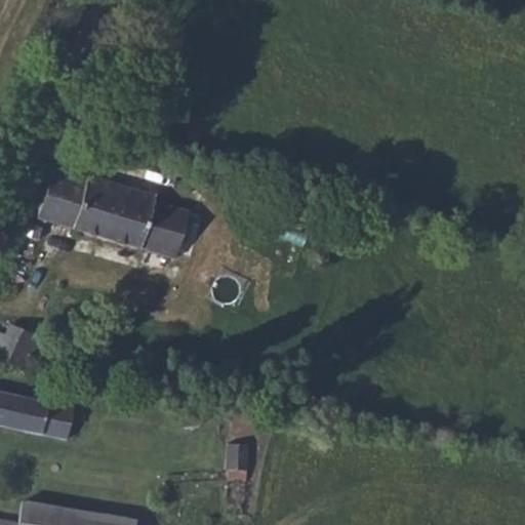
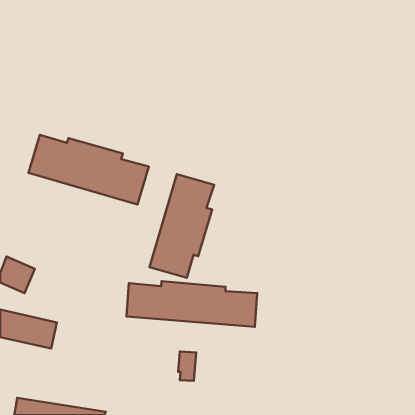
building: none -> [150,174,214,278]
building: none -> [126,281,257,327]

